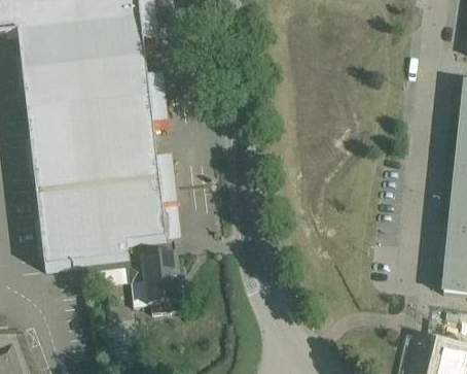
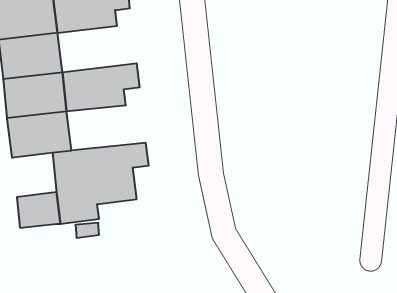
building: [83,59,166,107] -> none
building: [93,141,175,189] -> none
building: [36,191,82,237] -> none
building: [124,238,181,302] -> none

